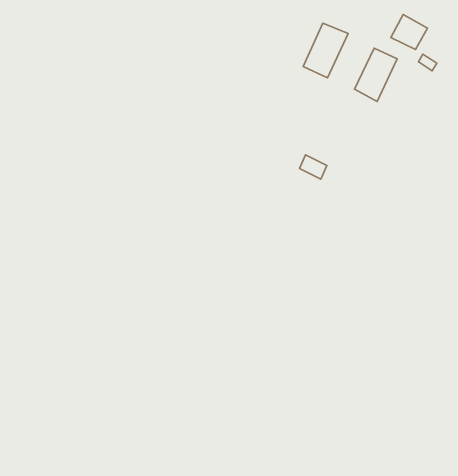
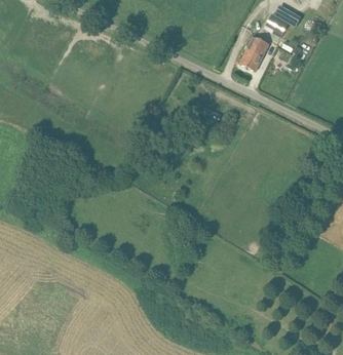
building: [303,23,348,78] -> none

